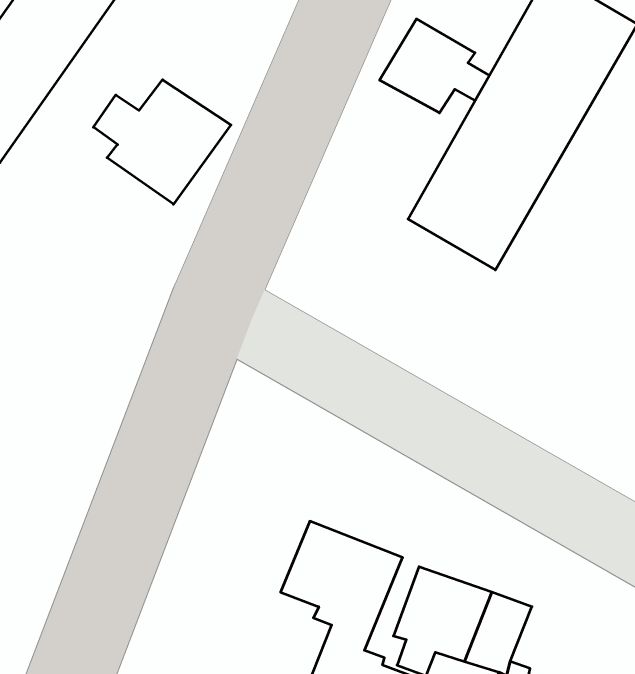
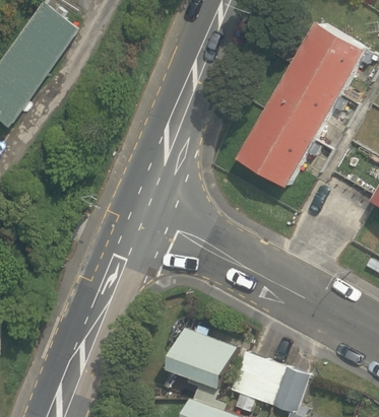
building: [380,19,489,113] -> none
building: [93,80,231,204] -> none

